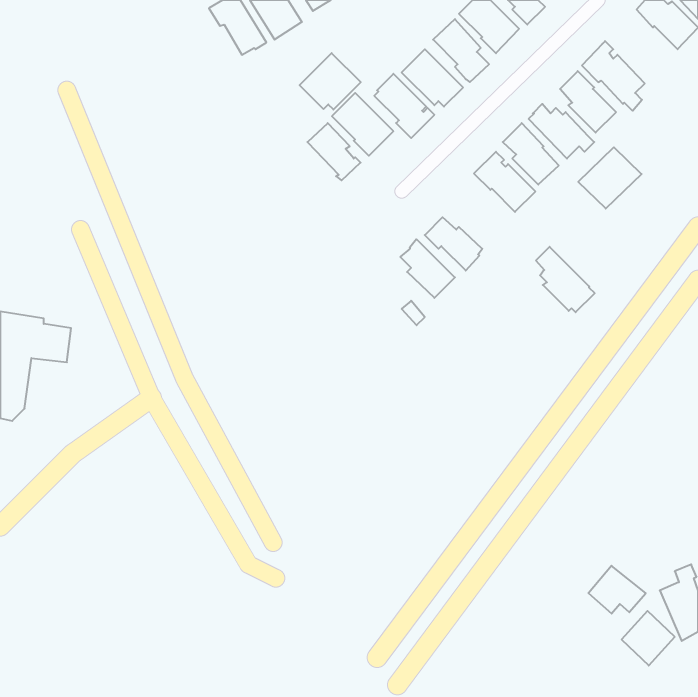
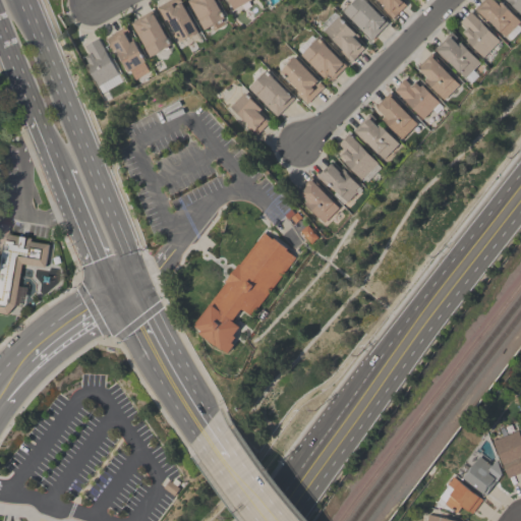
building: none -> [129,10,171,57]
building: none -> [459,11,499,58]
building: none -> [106,26,150,80]
building: none -> [84,39,118,86]
building: [300,53,361,110] -> none
building: [578,147,642,209] -> none
building: [536,247,595,312] -> [338,133,382,182]
building: none -> [191,230,298,354]
building: [588,566,646,614] -> [440,480,482,516]

